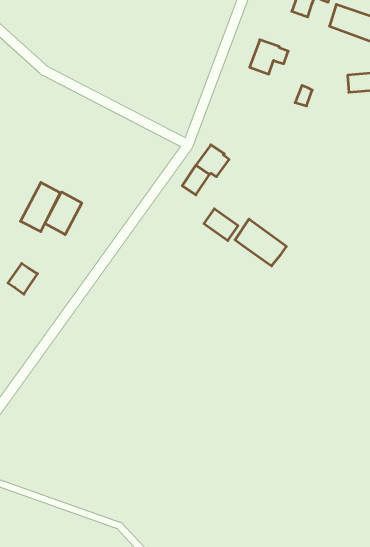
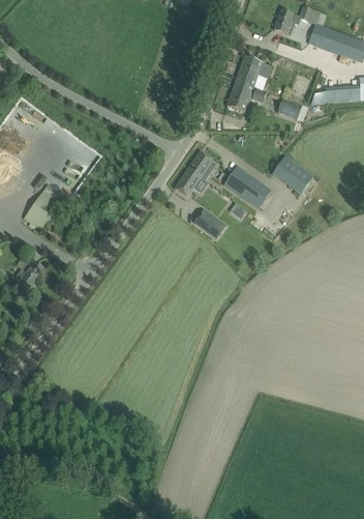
building: none -> [225,81,265,112]
building: none -> [275,155,317,193]
building: [45,192,82,235] -> none
building: [235,219,286,266] -> [223,166,270,208]

